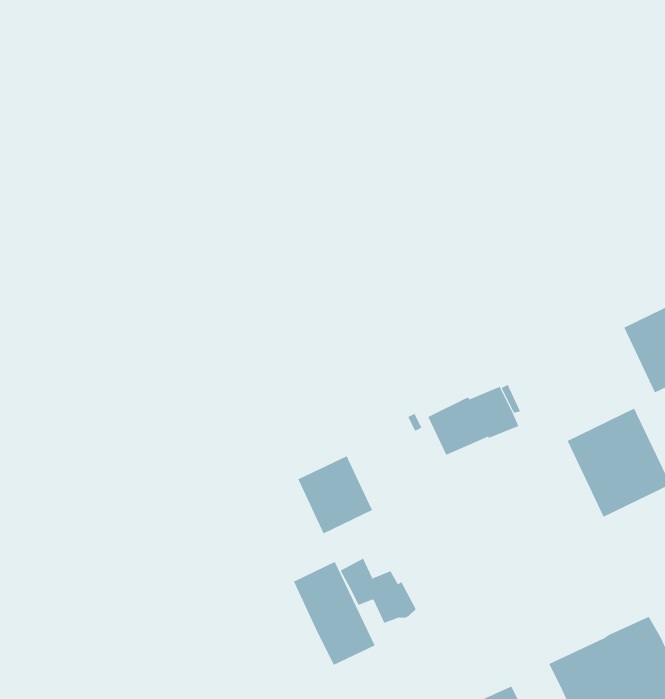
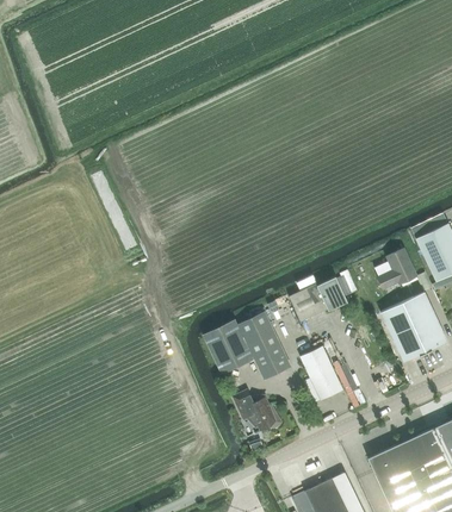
building: none -> [373,249,416,289]
building: none -> [299,346,342,401]
building: [293,561,376,666] -> [237,312,291,380]

